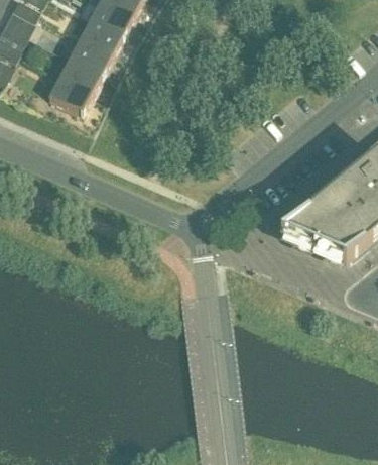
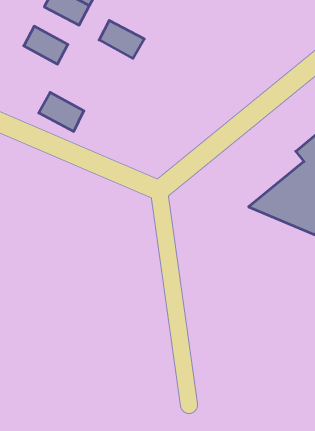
building: [70,38,114,76] -> [99,20,144,58]
building: [48,77,93,115] -> [39,92,84,131]

